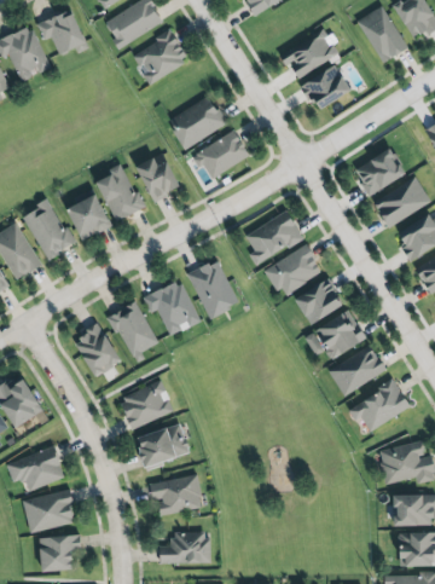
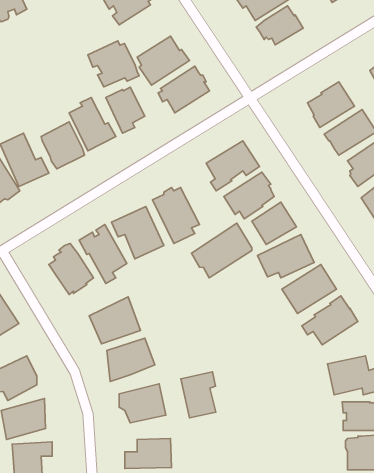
building: none -> [88,41,139,87]
building: none -> [191,223,252,278]
building: none -> [181,372,216,418]

